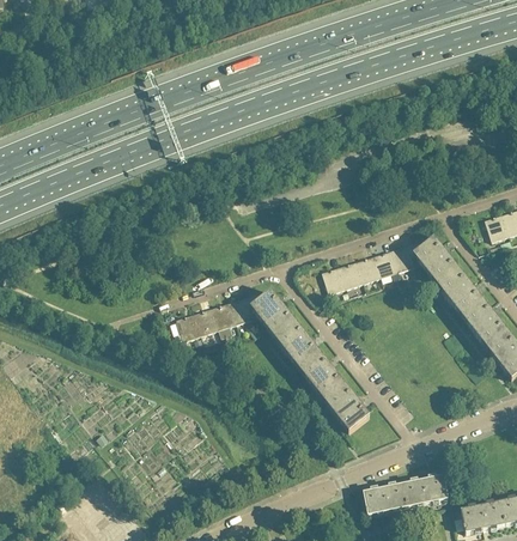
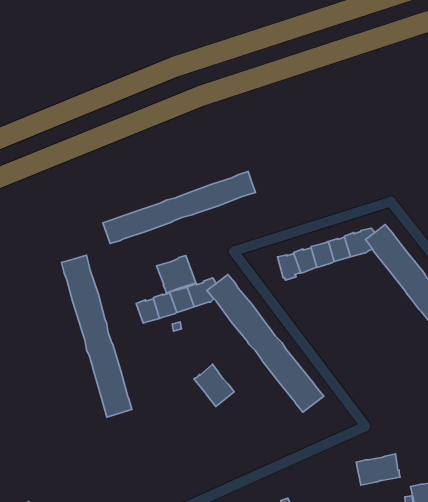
building: none -> [103,172,256,244]
building: none -> [62,255,132,417]
building: none -> [157,256,196,293]
building: none -> [194,364,234,407]
building: [365,484,410,515] -> none

